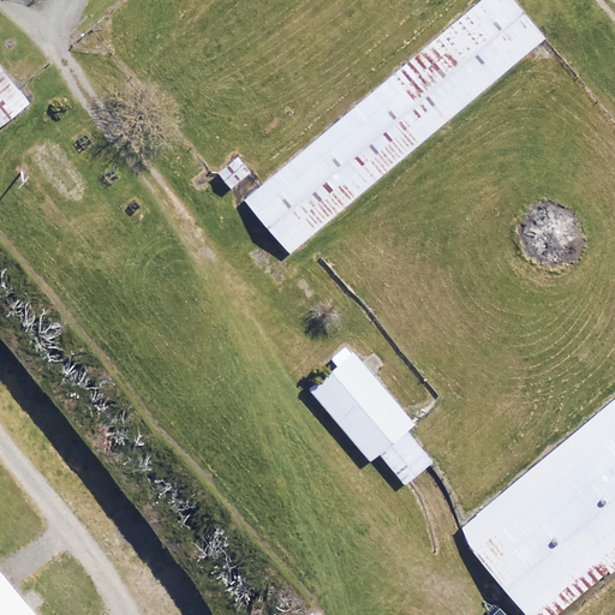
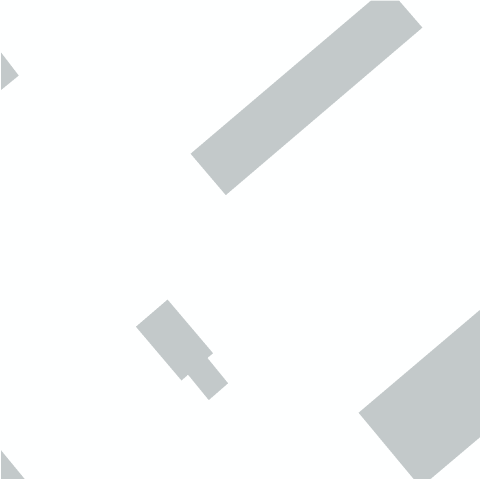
building: [309,352,429,483] -> [135,298,229,401]

